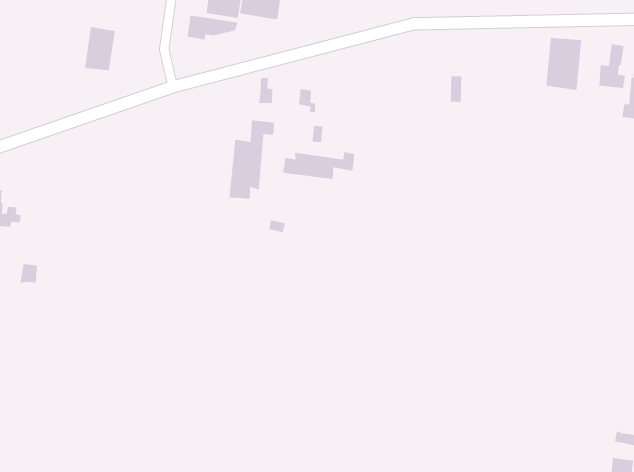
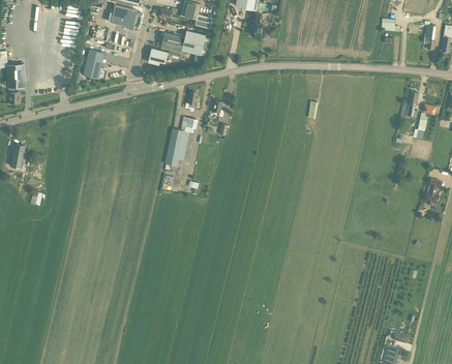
building: [546,37,582,91] -> none
building: [282,151,355,180] -> none

